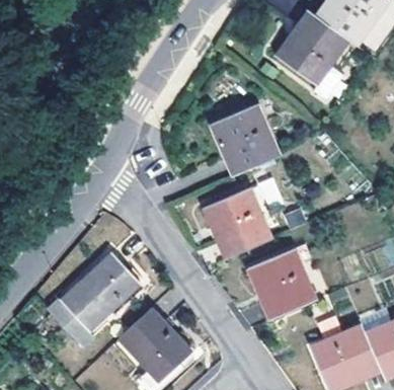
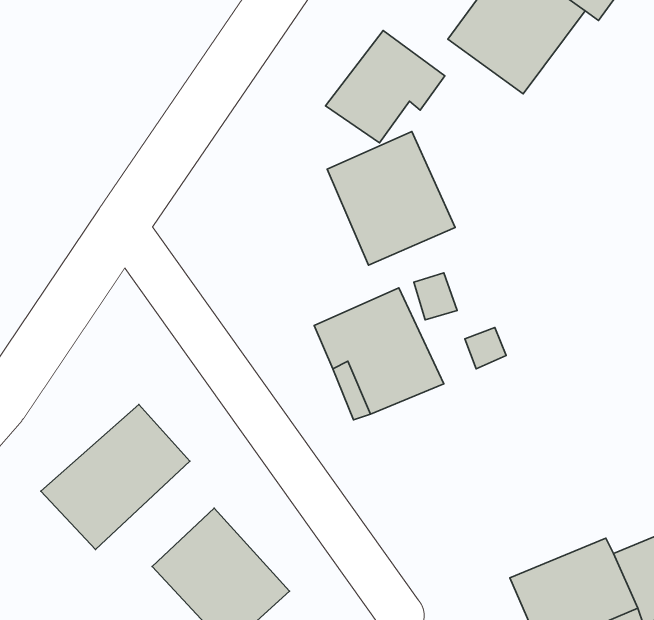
building: none -> [326,31,445,143]
building: [247,249,316,320] -> none

